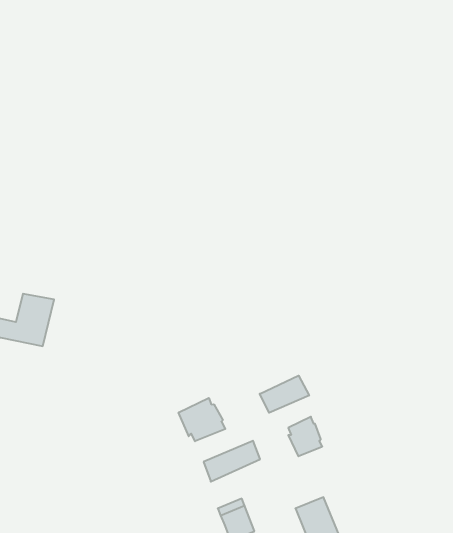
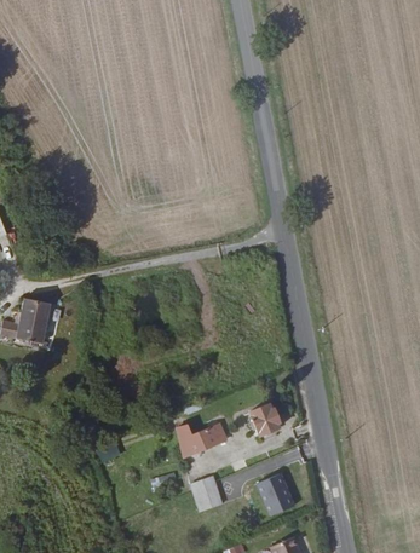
building: [260,376,309,413] -> none
building: [179,398,225,441] -> none

